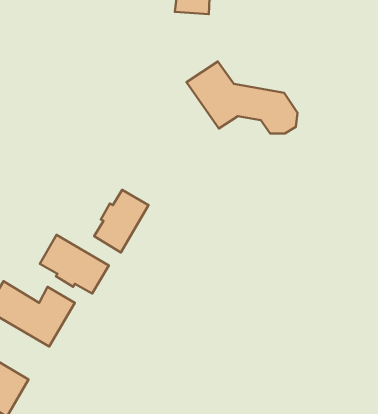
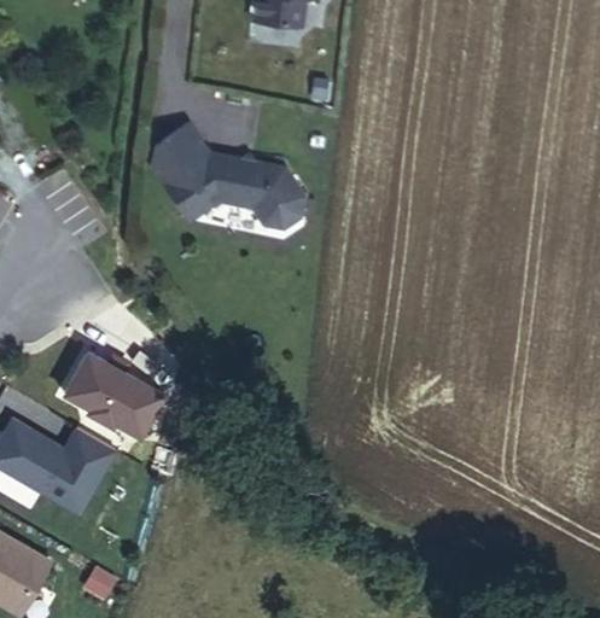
building: [187,62,297,133] -> [146,126,308,231]
building: [94,190,149,252] -> none

